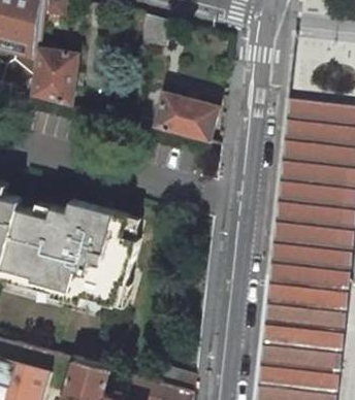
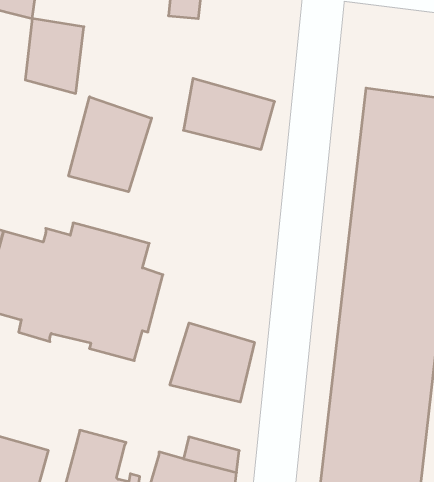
building: none -> [69,97,152,192]
building: none -> [170,323,254,402]

